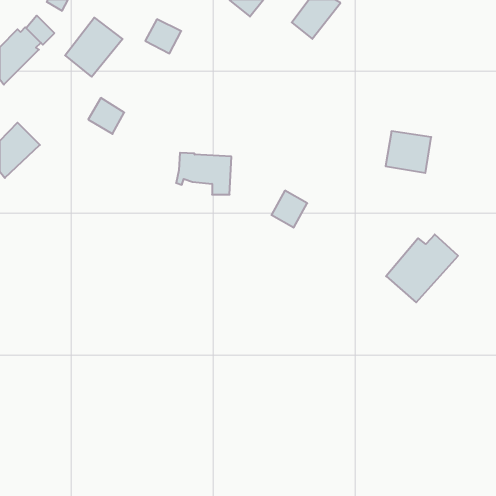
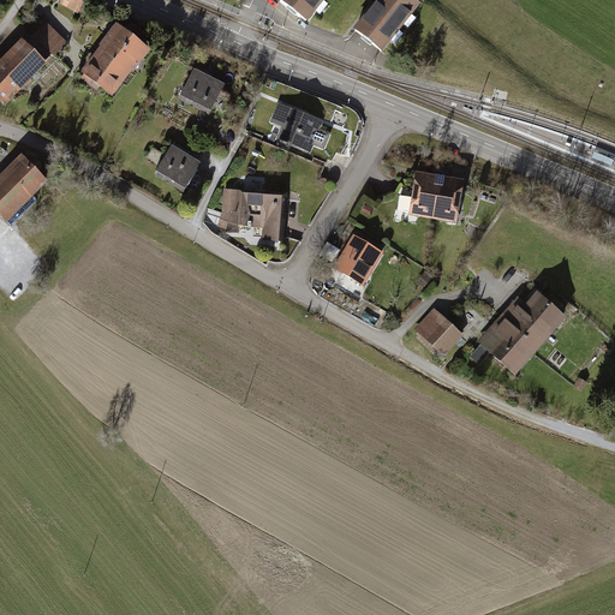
building: [145,19,181,53] -> [179,68,223,111]
building: none -> [269,102,330,151]
building: [88,98,124,134] -> [155,144,199,189]
building: [386,131,431,173] -> [407,171,464,222]
building: none -> [414,308,462,354]

